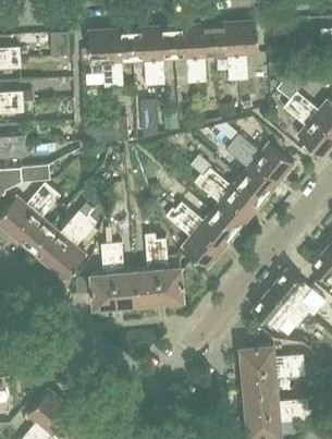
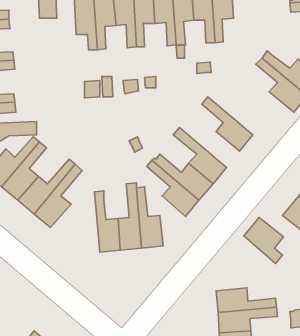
building: [231,134,294,181] -> none
building: [200,168,265,216] -> none
building: [89,242,115,307] -> none
building: [251,289,303,331] -> none

